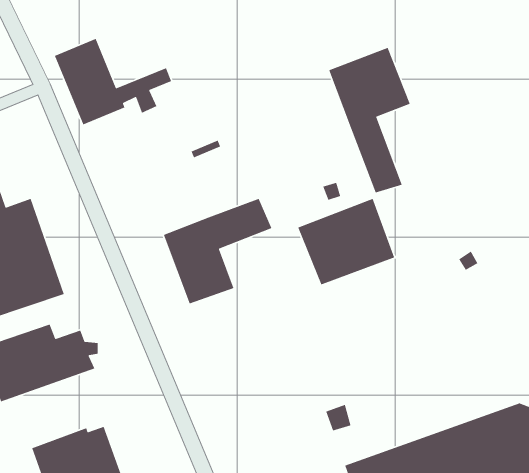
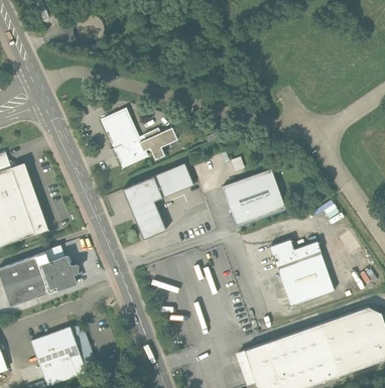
building: [54,38,172,125] -> [99,109,180,169]
building: [328,47,411,193] -> none
building: none -> [261,237,331,306]

